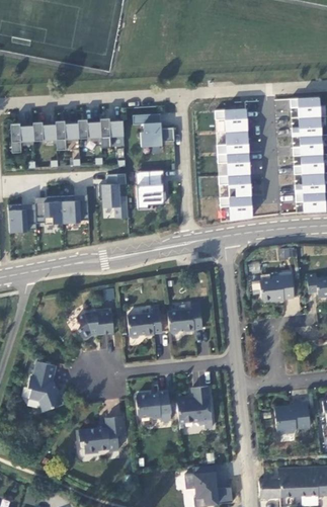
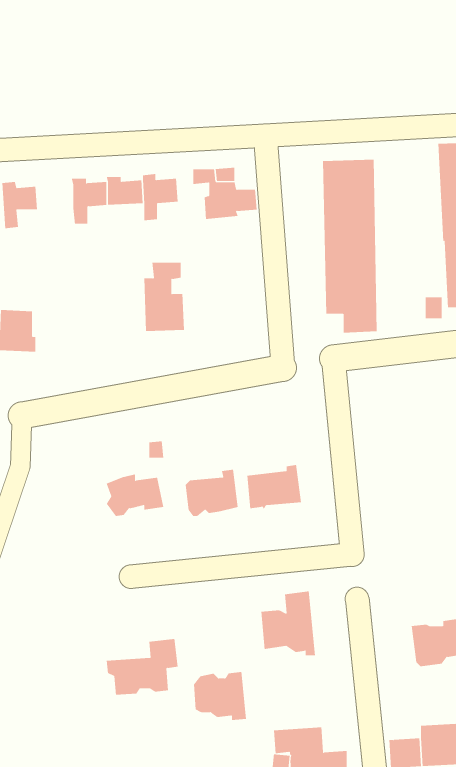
building: [32,122,56,142] -> none
building: [136,171,166,208] -> none
building: [36,197,87,224] -> none
building: [258,274,293,304] -> none
building: [27,360,61,411] -> none
building: [137,391,171,422] -> [193,672,247,721]

